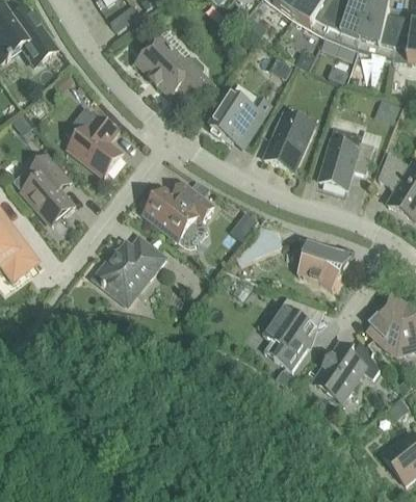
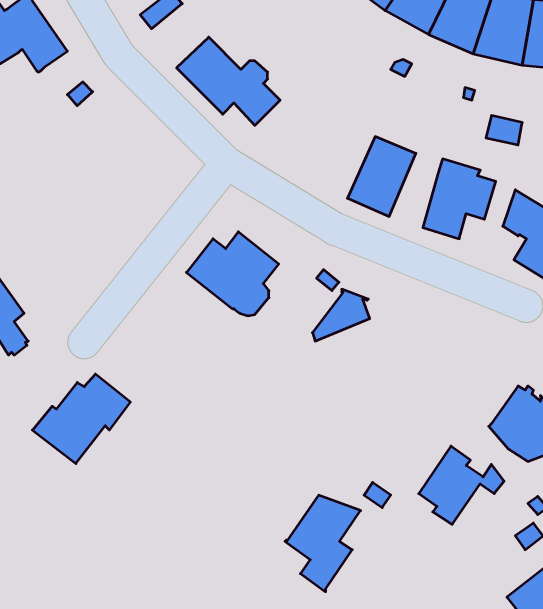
building: [210,94,263,140] -> none
building: [66,107,122,176] -> none
building: [15,155,74,221] -> none
building: [93,236,165,302] -> [32,374,130,464]
building: [297,239,354,290] -> none
building: [262,298,318,370] -> [285,495,361,592]

